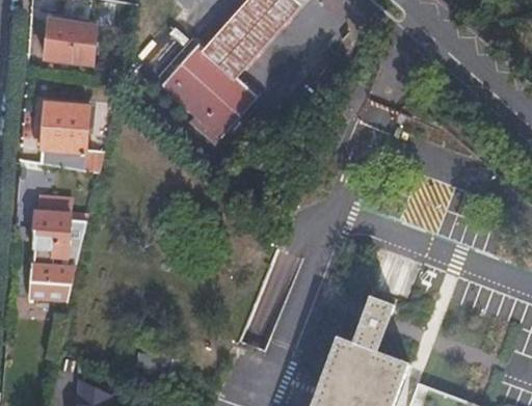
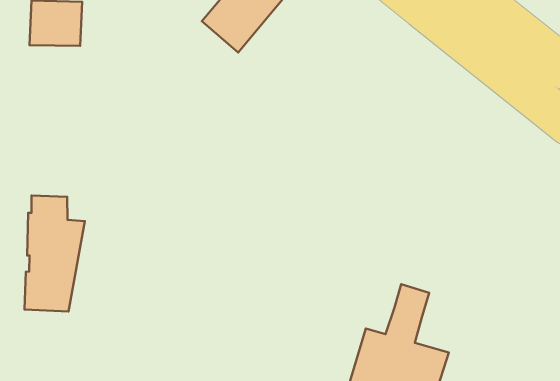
building: [161,43,255,143] -> none
building: [36,100,103,173] -> none

